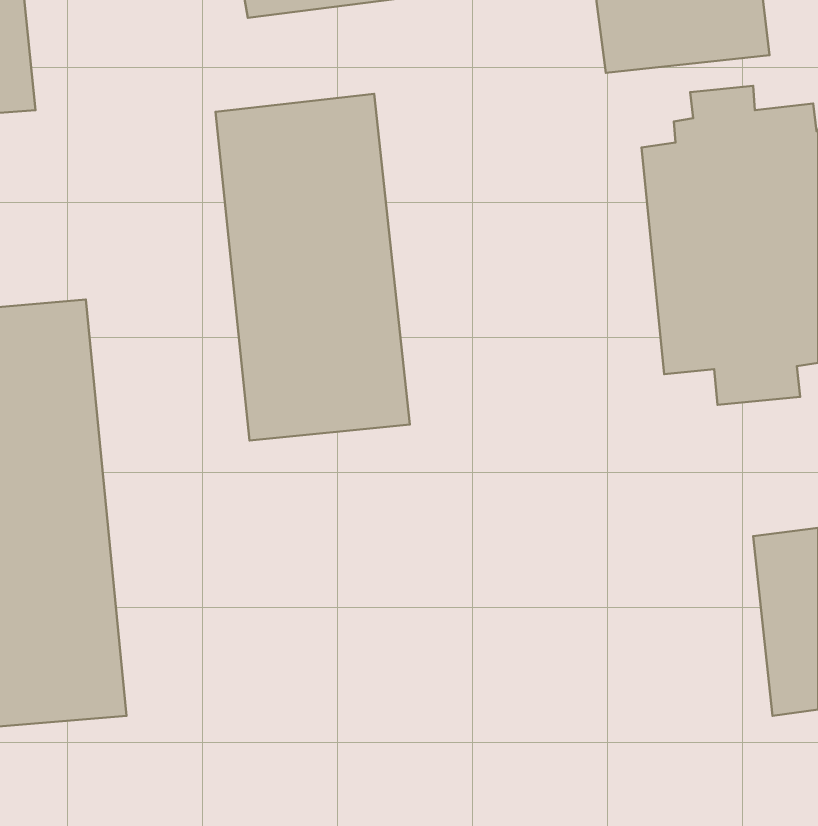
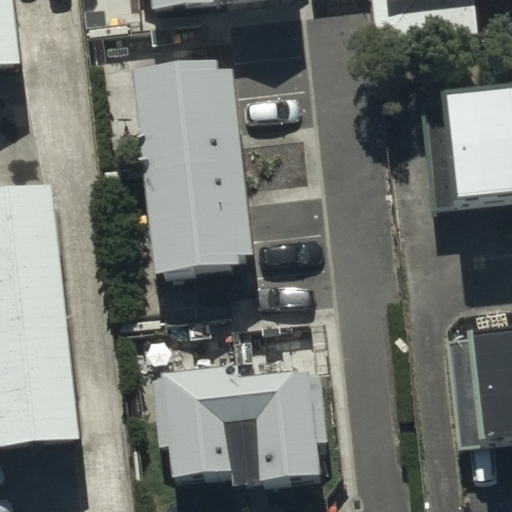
building: none -> [160,360,322,487]

